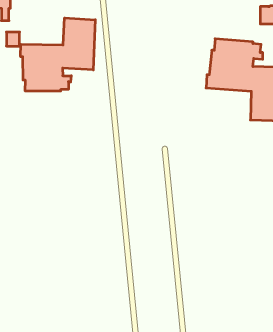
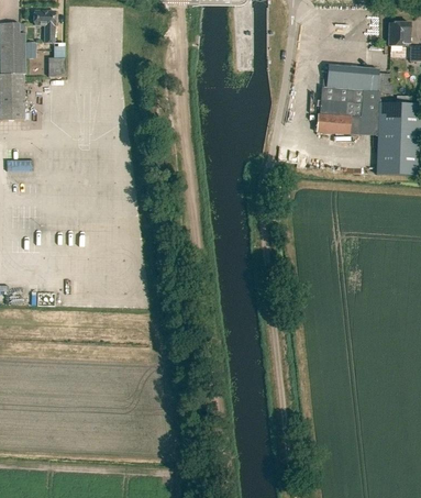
building: [21,18,95,91] -> none

